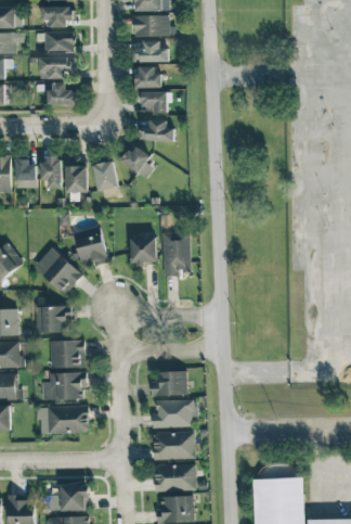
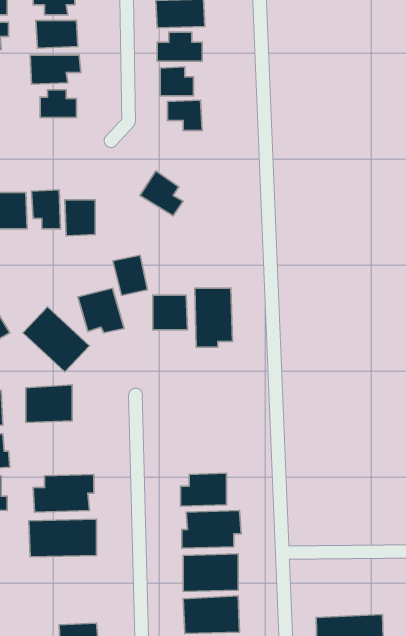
building: [140,120,174,141] -> none
building: [92,161,118,191] -> [113,255,147,296]
building: [50,340,86,368] -> none

